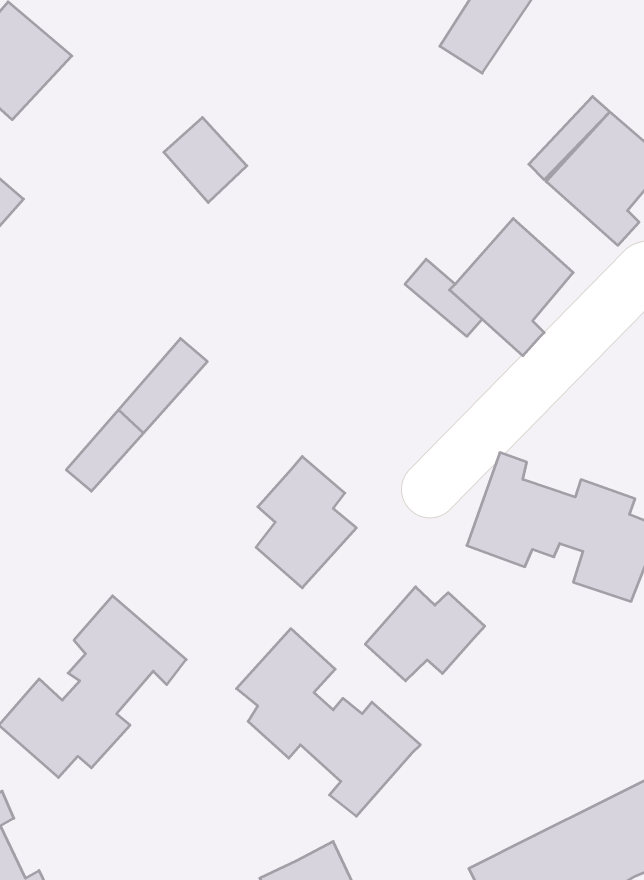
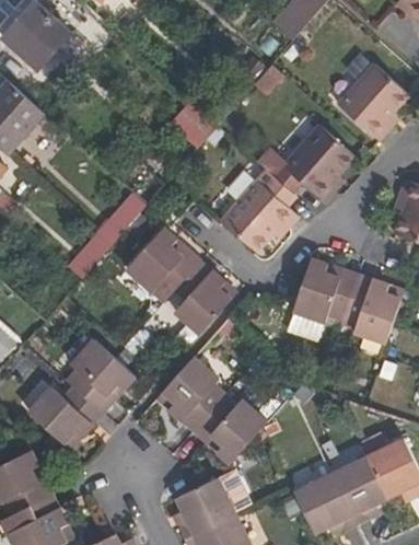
building: [164,117,247,203] -> [173,102,220,150]
building: none -> [221,179,299,251]
building: none -> [127,227,194,301]
building: [365,587,485,681] -> none

